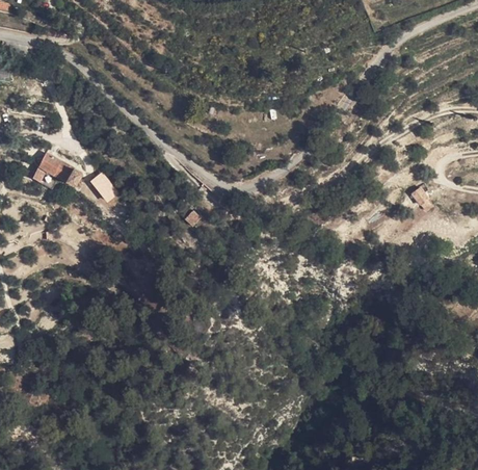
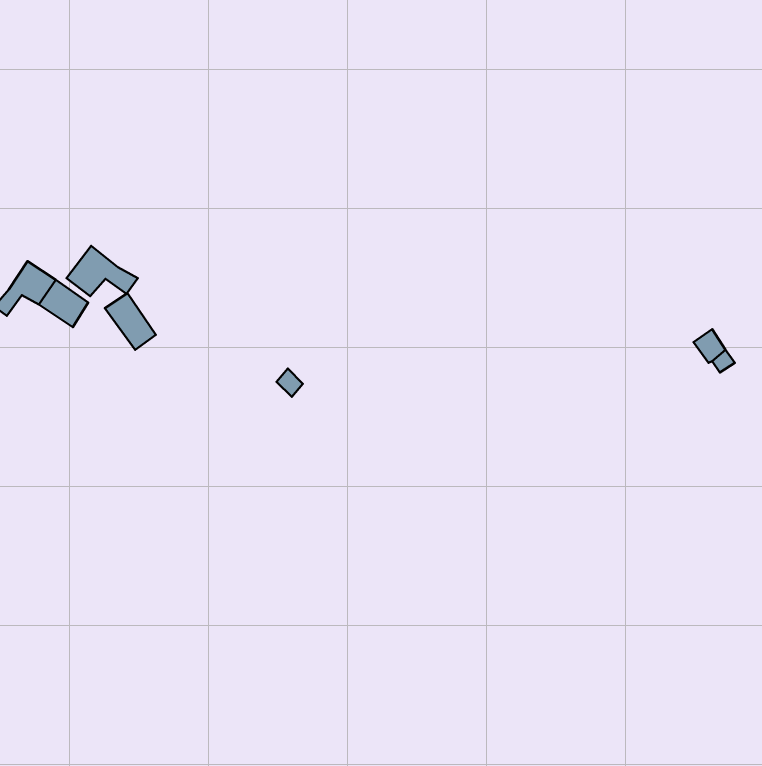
building: none -> [66,246,138,296]

